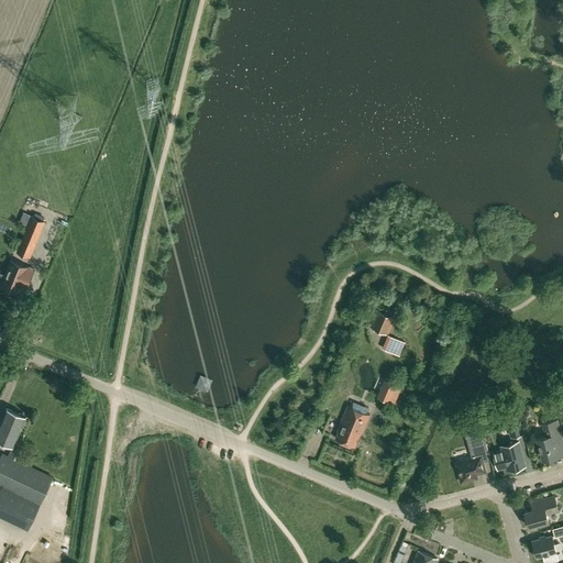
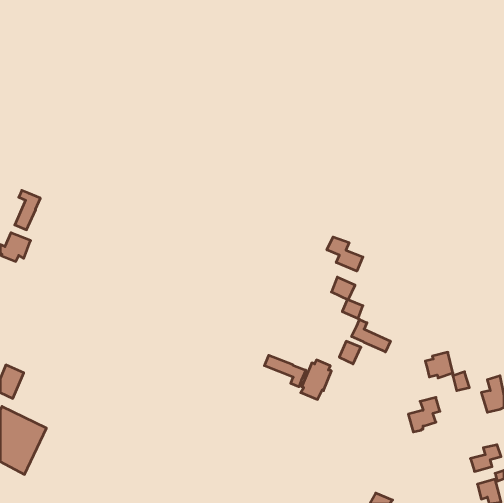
building: none -> [327,237,363,271]
building: none -> [352,319,390,352]
building: none -> [264,355,306,387]
building: [494,442,525,471] -> [425,352,453,378]

